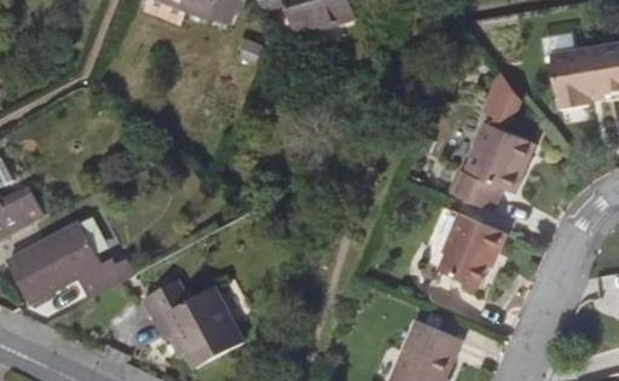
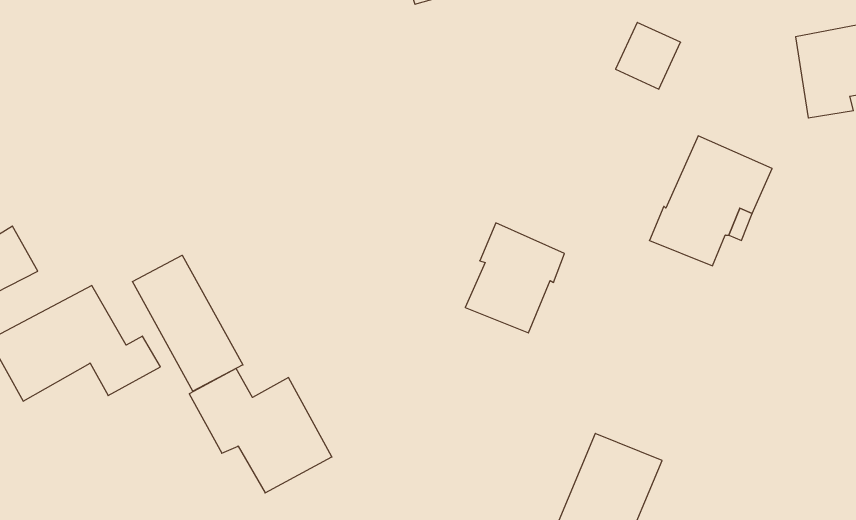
building: [482,76,526,121] -> [616,22,681,89]
building: none -> [132,255,243,391]
building: [440,214,507,288] -> [465,223,564,333]

